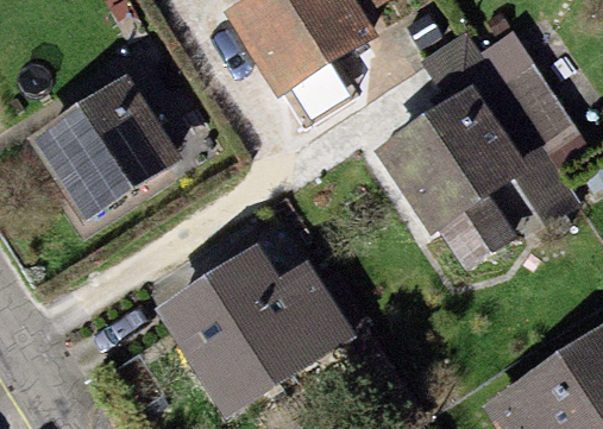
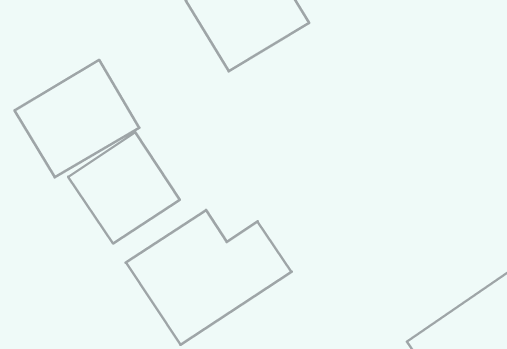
building: [381,63,569,263] -> none
building: none -> [68,132,180,243]

